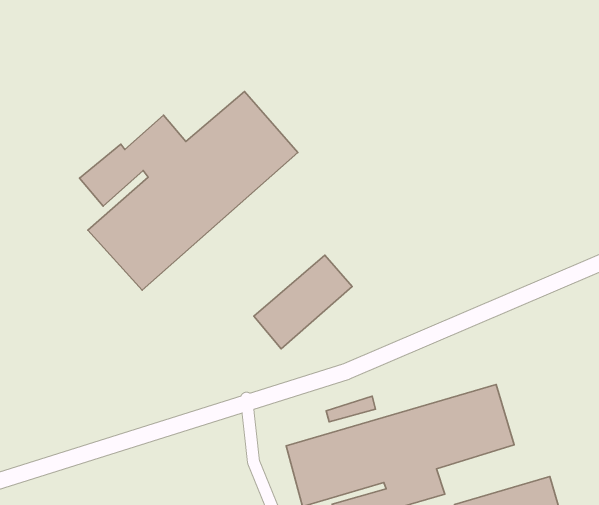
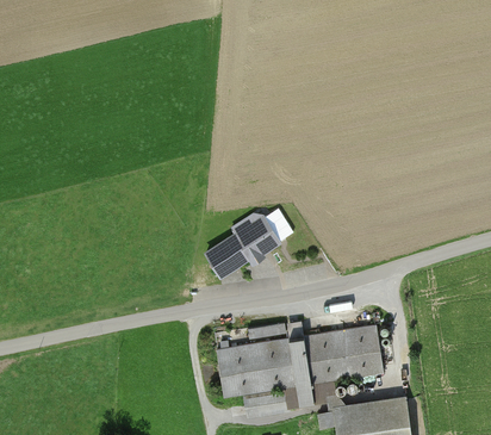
building: [80,91,298,290] -> none

